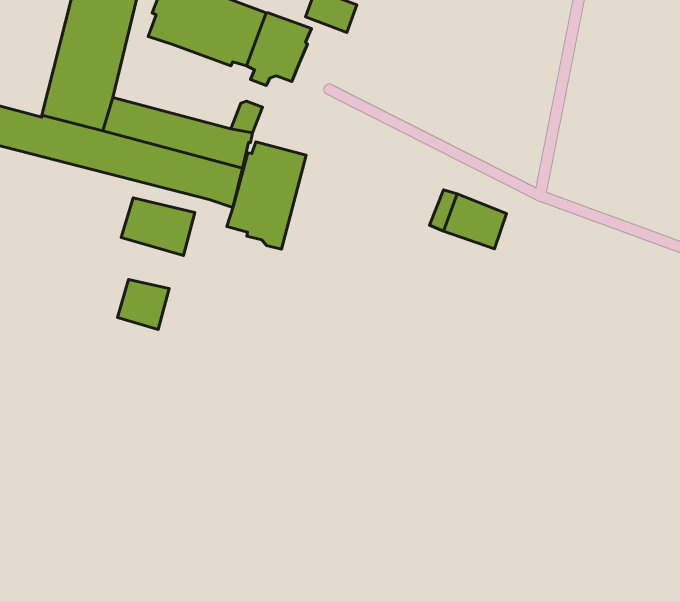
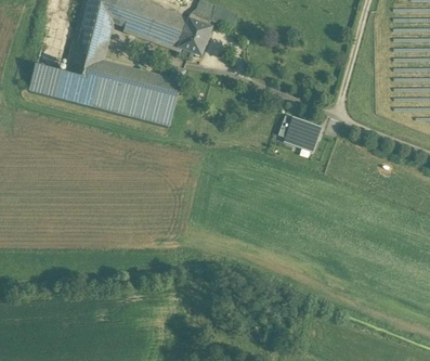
building: [227,142,306,249] -> none
building: [121,198,195,255] -> none
building: [118,279,169,329] -> none

